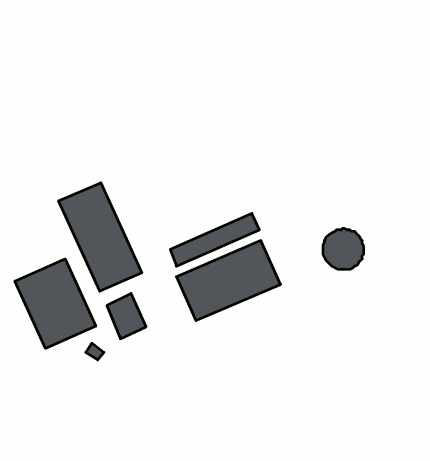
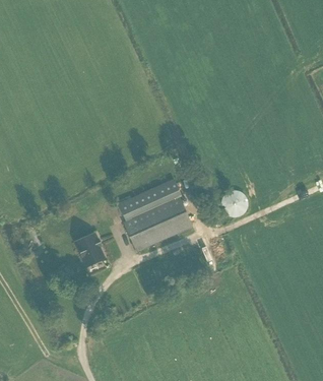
building: [59,183,142,291] -> none
building: [15,259,96,348] -> none

